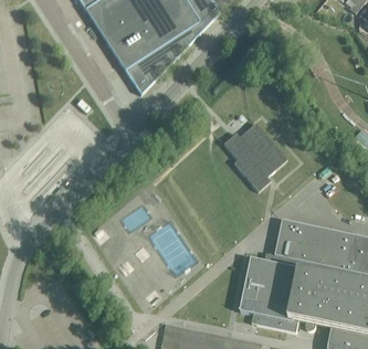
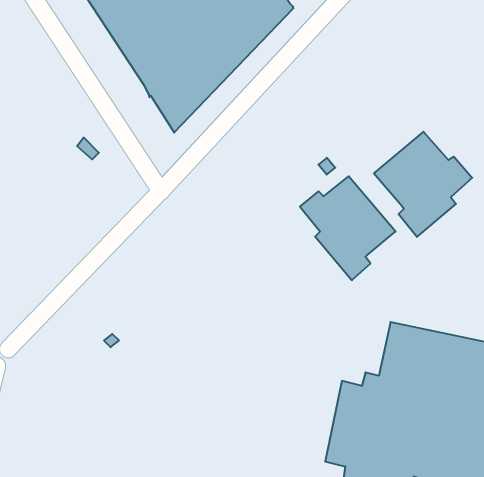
building: none -> [374,132,472,237]

